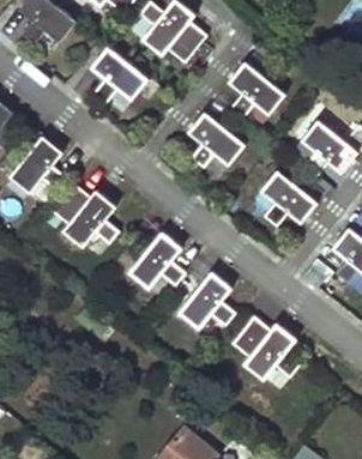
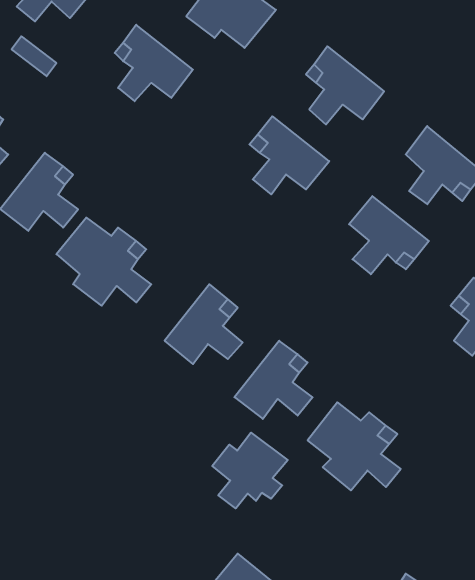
building: none -> [212,433,288,508]

